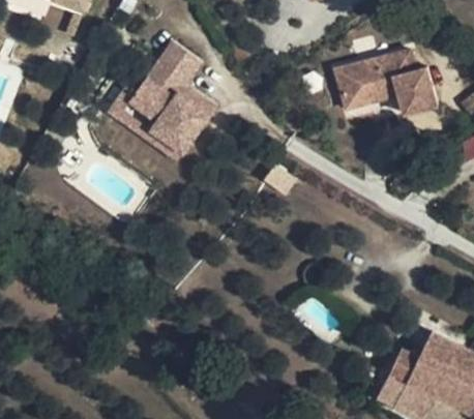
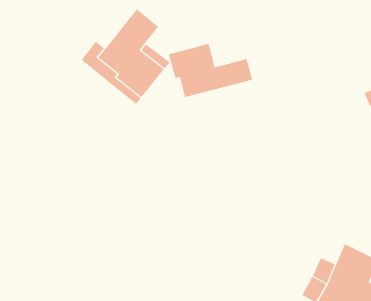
building: [335,51,438,116] -> none
building: none -> [168,43,253,98]

